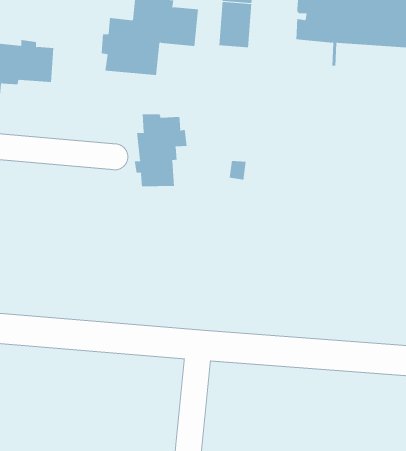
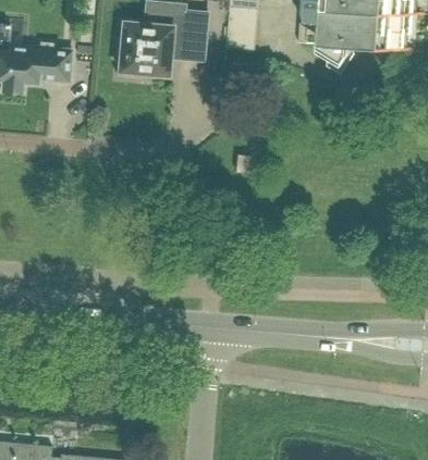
building: [134,114,187,187] -> none

